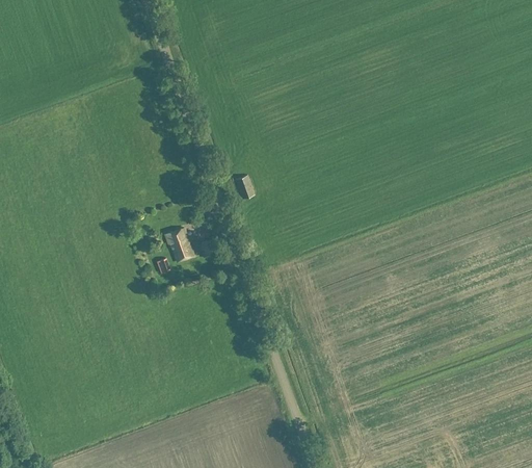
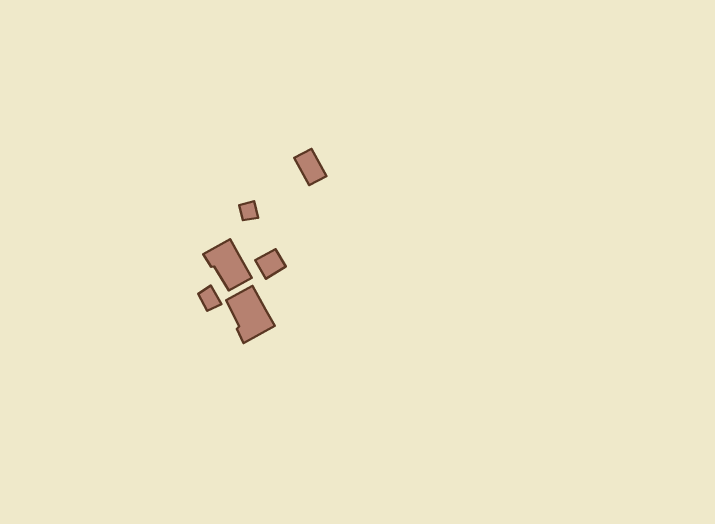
building: none -> [226,286,275,343]

